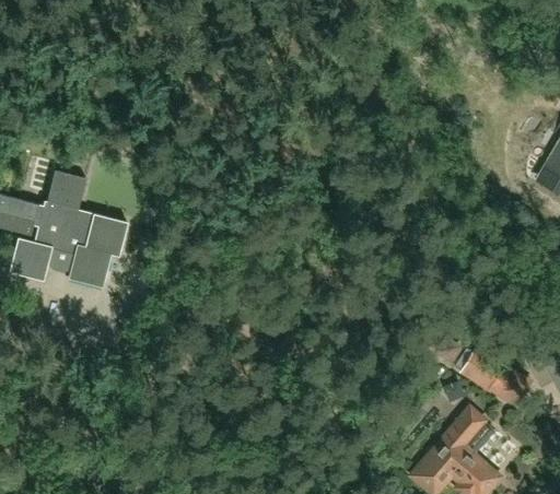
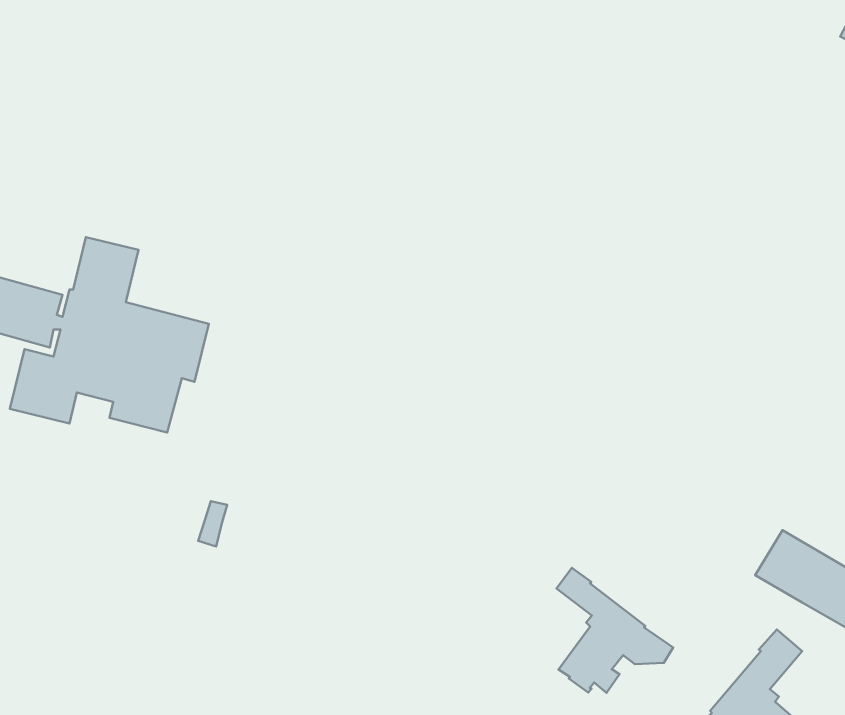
building: none -> [556,568,673,693]

